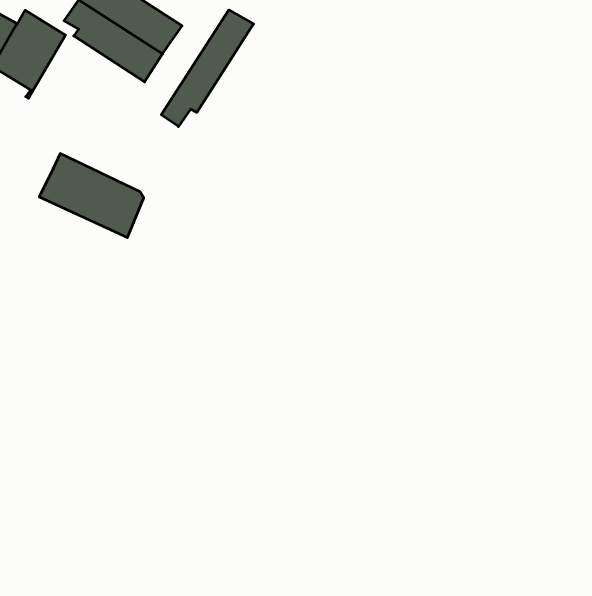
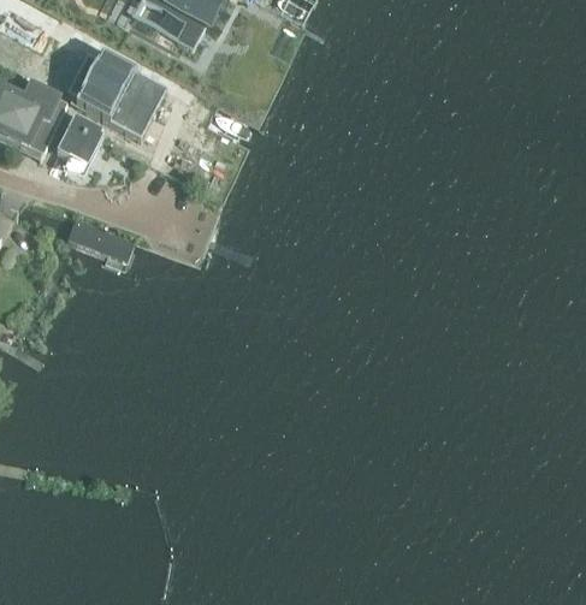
building: [161,10,254,127] -> none
building: none -> [55,118,101,161]

